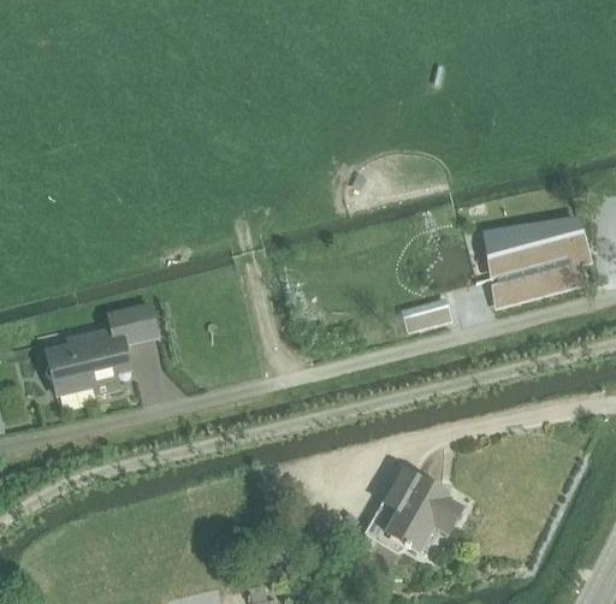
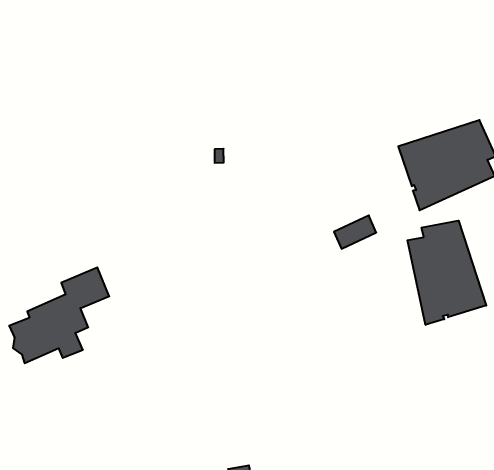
building: none -> [407,221,486,325]
building: [386,469,463,550] -> none

